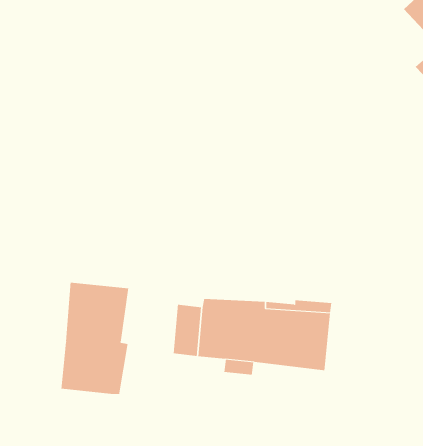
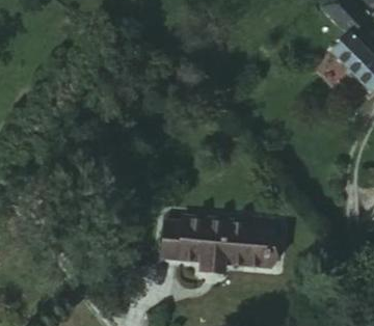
building: [61,282,129,395] -> none

